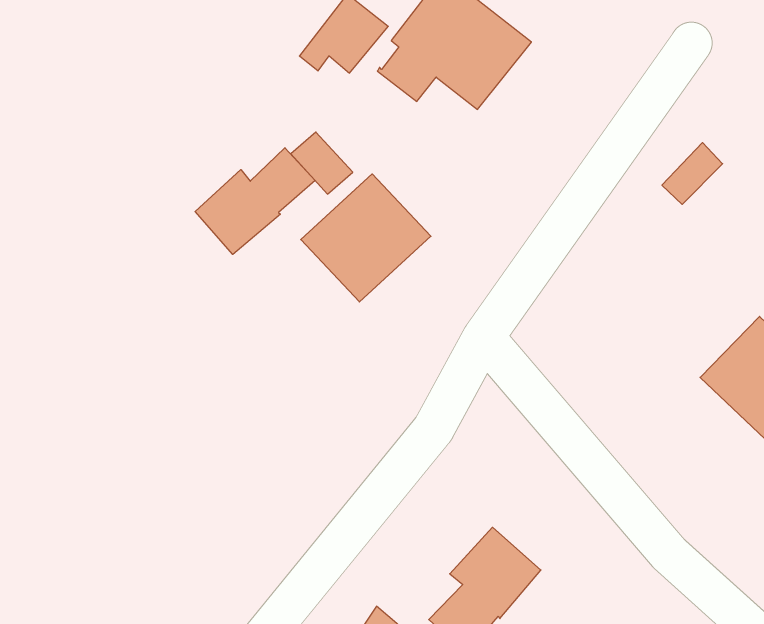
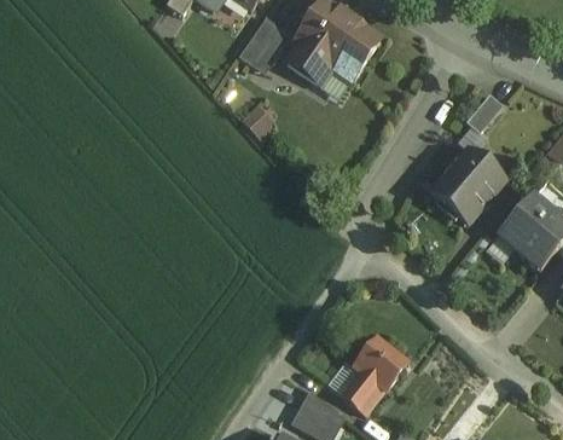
building: [195,148,315,254] -> none
building: [301,174,431,302] -> none
building: none -> [430,146,505,222]

